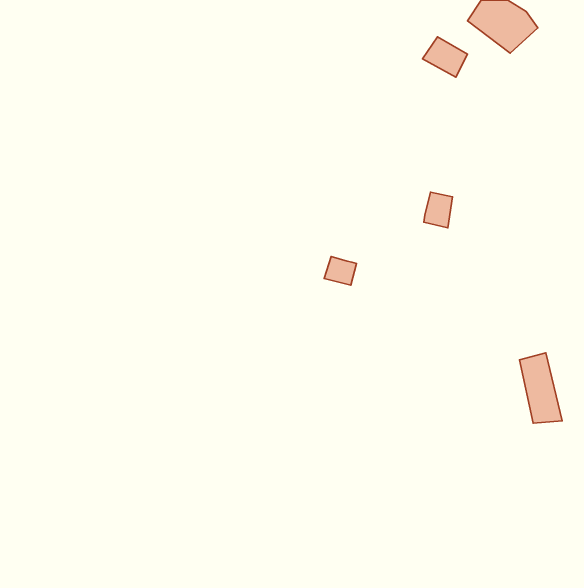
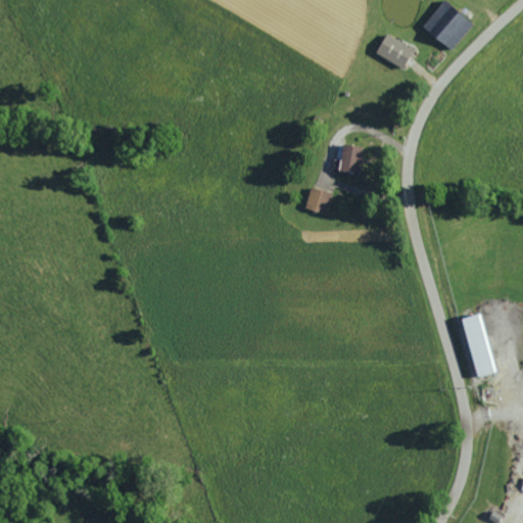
building: [424,192,453,228] -> [338,144,364,176]
building: [324,256,357,285] -> [301,188,330,213]

